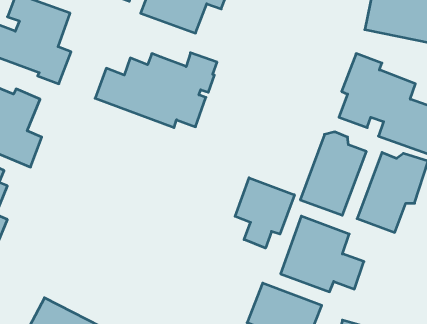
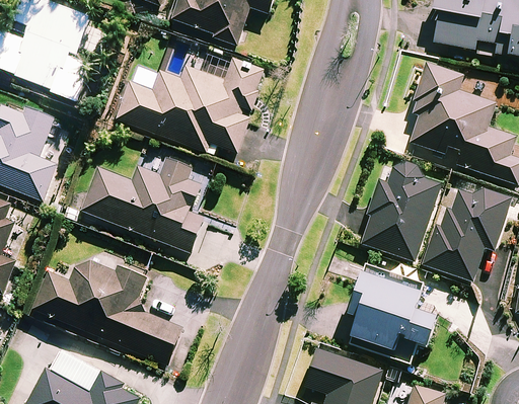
building: none -> [82,159,204,253]
building: [235,178,294,248] -> none
building: none -> [33,258,182,365]

